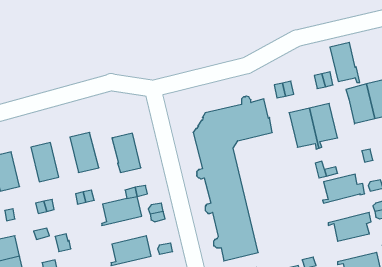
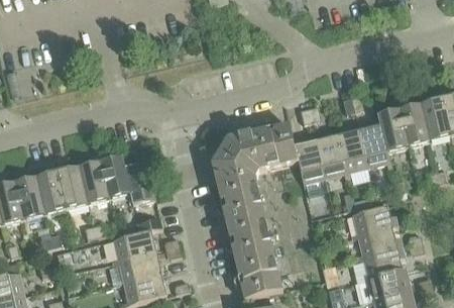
building: [330,42,360,82] -> [358,123,390,167]
building: none -> [294,138,324,187]
building: none -> [99,155,130,198]
building: none -> [56,165,87,208]
building: none -> [14,176,44,218]
building: none -> [352,226,402,258]
building: none -> [112,250,160,281]
building: none -> [366,268,410,300]

